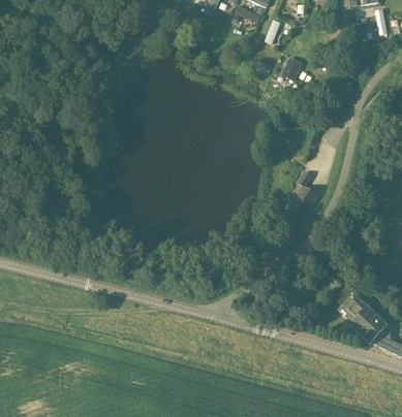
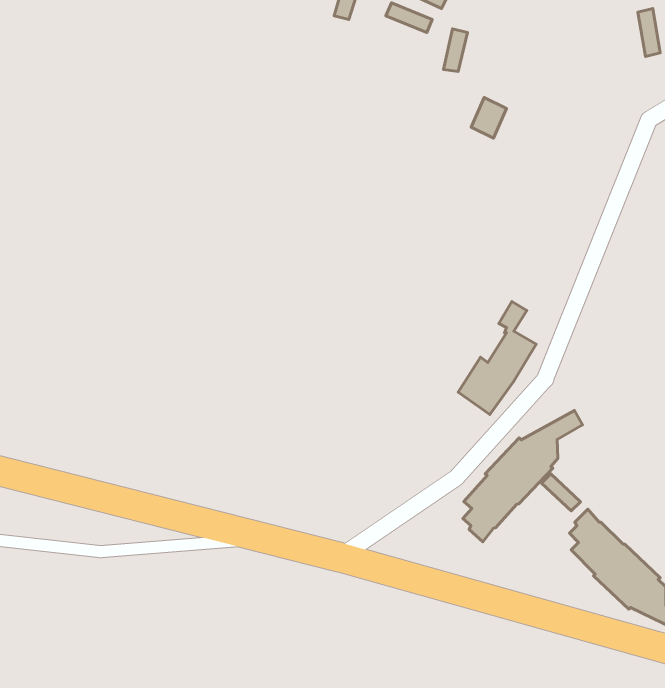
building: none -> [463,410,583,542]

